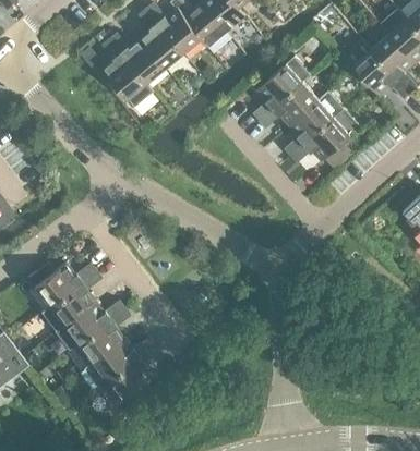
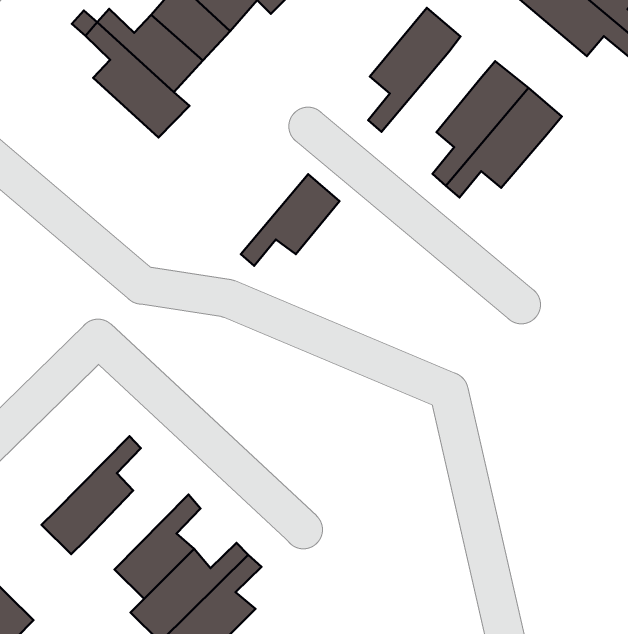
building: [260,82,319,129] -> [241,174,339,266]
building: [27,263,96,306] -> none
building: [55,300,124,350] -> none

